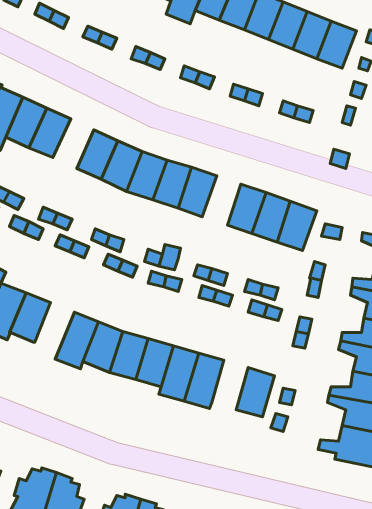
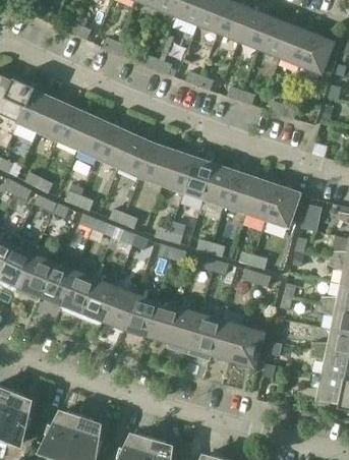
building: none -> [77,116,112,158]
building: none -> [203,164,236,206]
building: none -> [59,271,96,319]
building: none -> [212,320,242,361]

